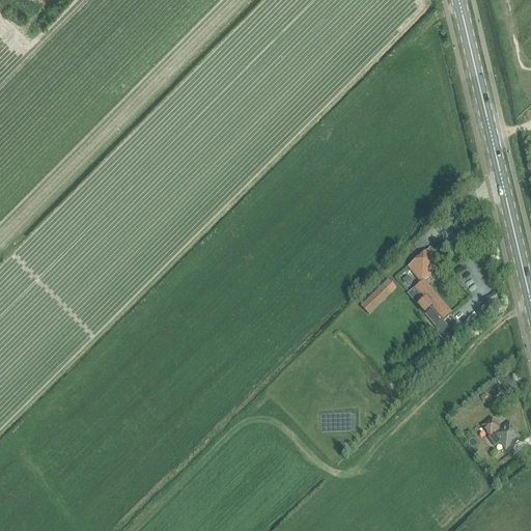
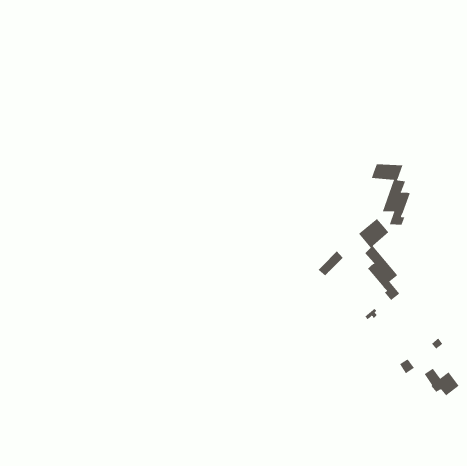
building: none -> [371,164,411,225]

